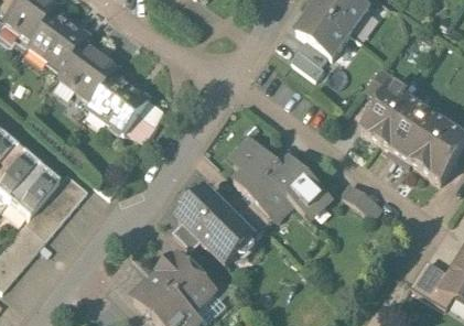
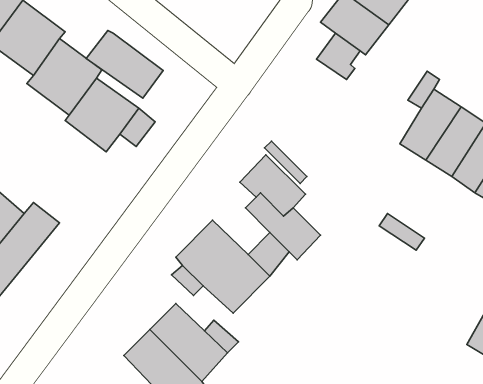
building: none -> [86,31,163,98]
building: [273,159,331,216] -> none

